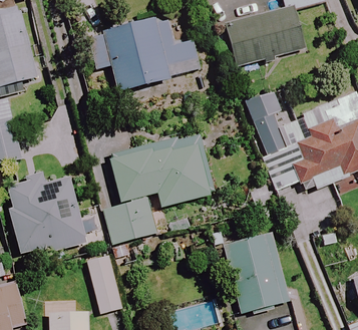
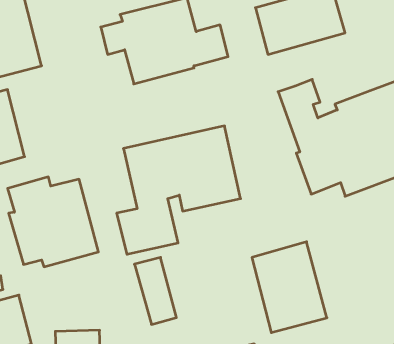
building: [86,254,123,313] -> [134,257,176,324]

